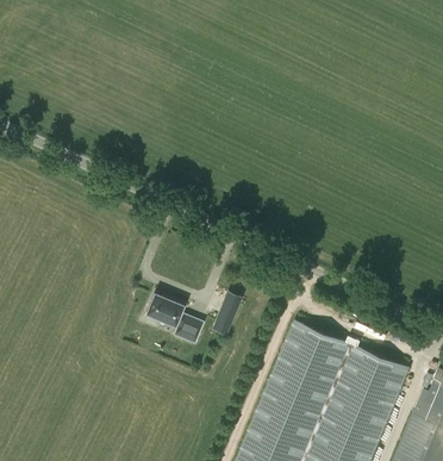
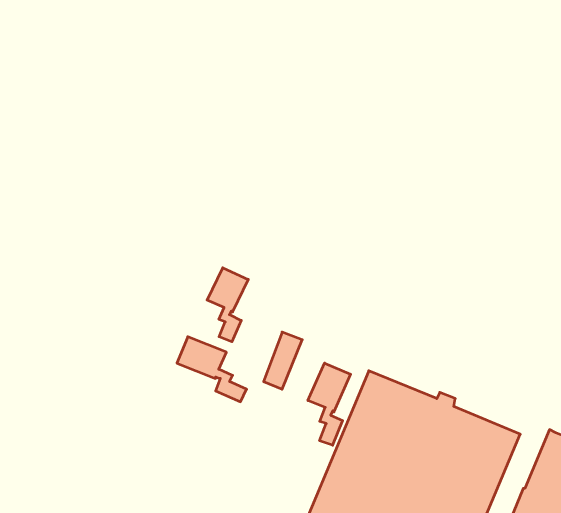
building: none -> [207,268,248,342]
building: none -> [308,363,351,445]

